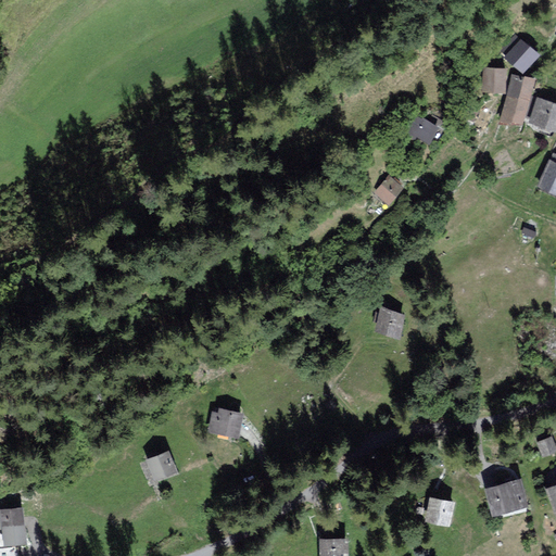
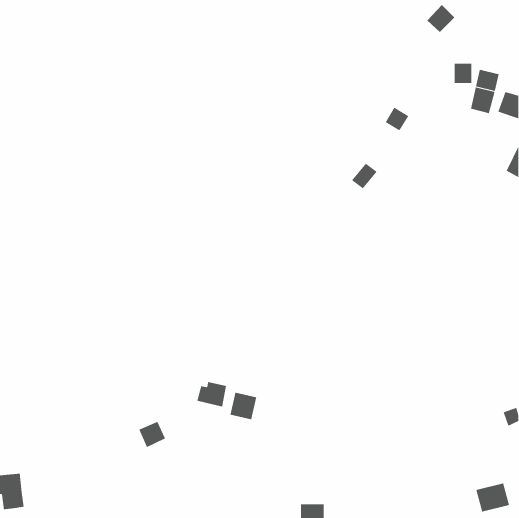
building: [507,40,538,71] -> [427,4,455,33]
building: [376,309,404,337] -> none
building: none -> [230,392,257,420]
building: [488,482,525,514] -> [475,483,510,512]
building: [427,498,453,523] -> none

